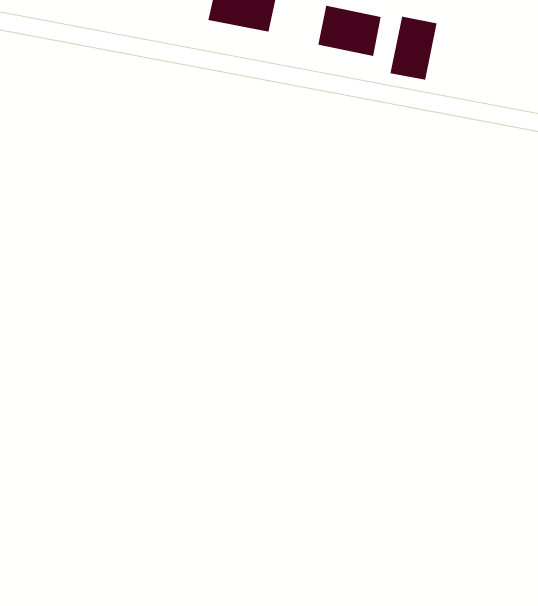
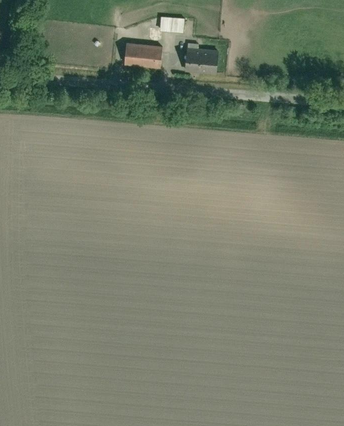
building: [390,16,437,81] -> none

